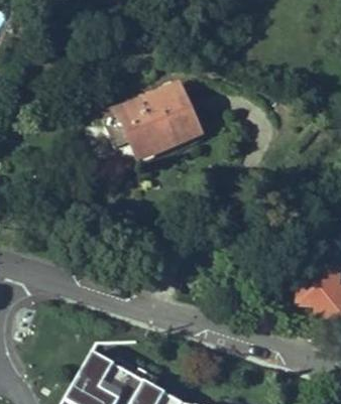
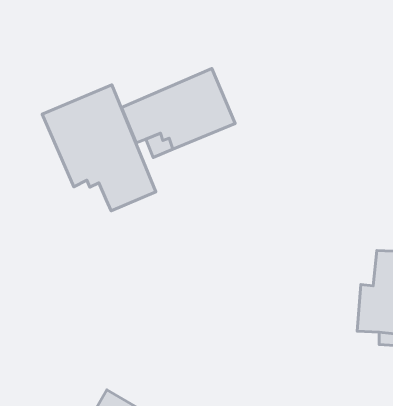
building: none -> [42,85,156,211]

